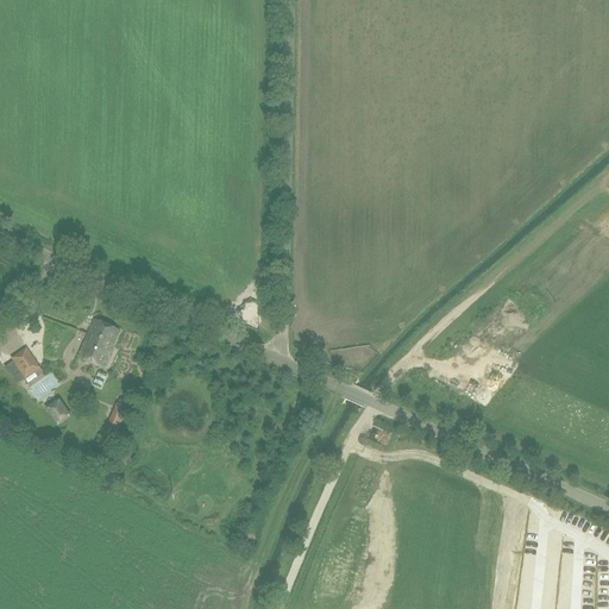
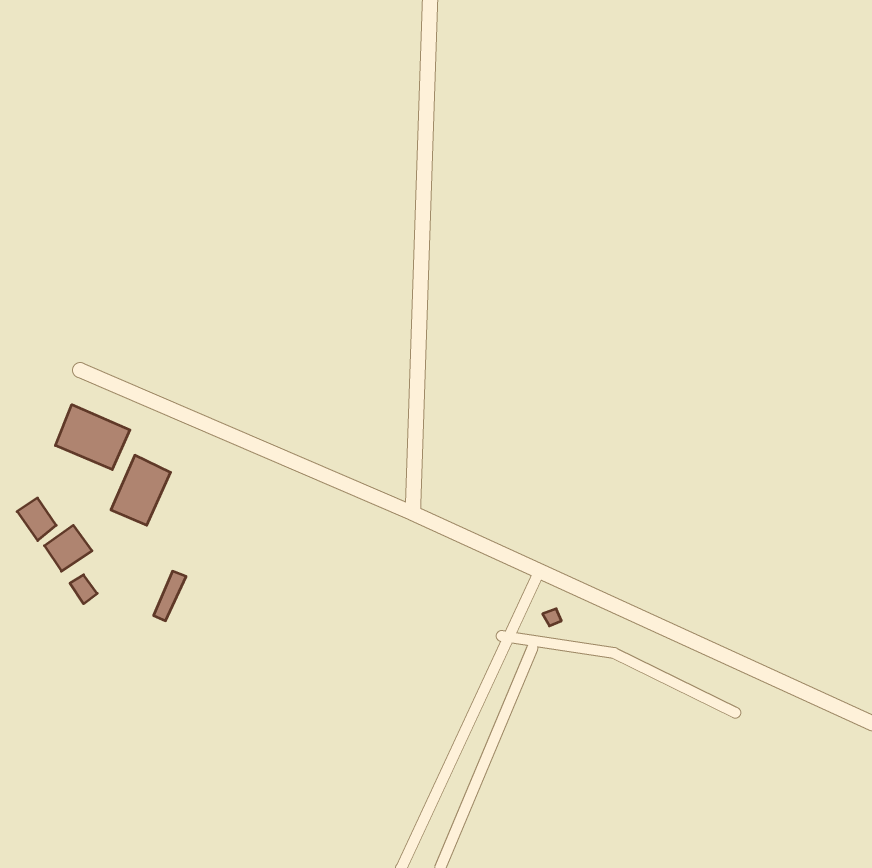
building: none -> [55,405,130,470]

